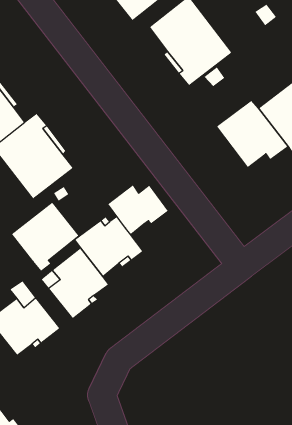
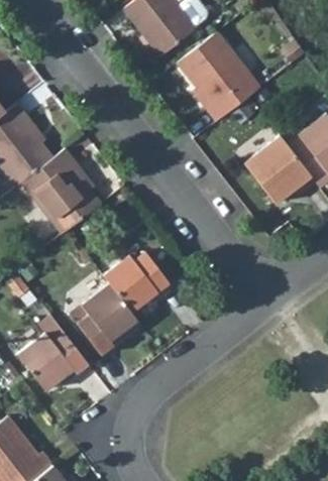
building: [107,185,169,235] -> none
building: [11,202,79,271] -> none

